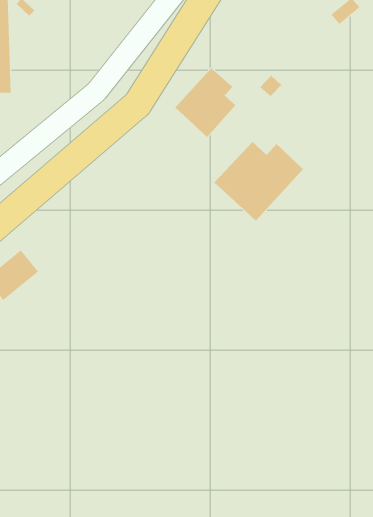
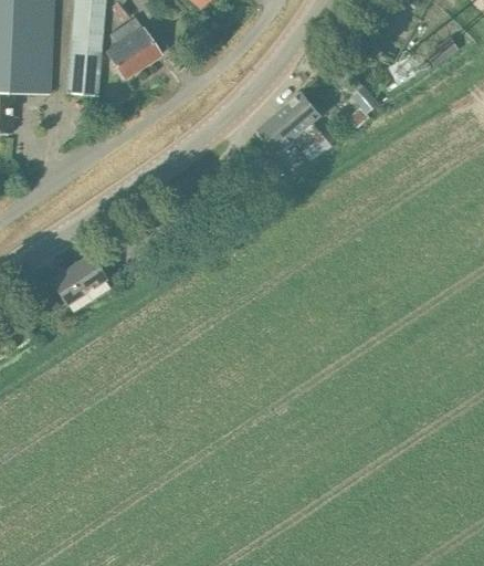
building: none -> [107,18,161,78]
building: [213,141,304,221] -> none

